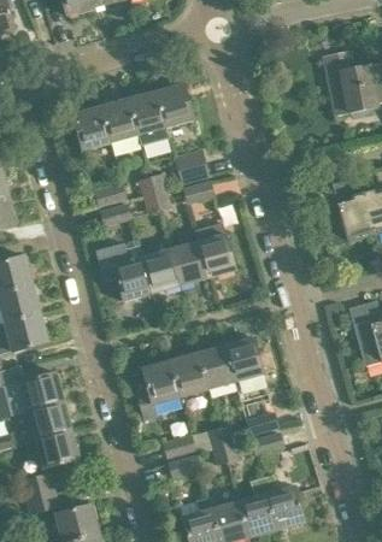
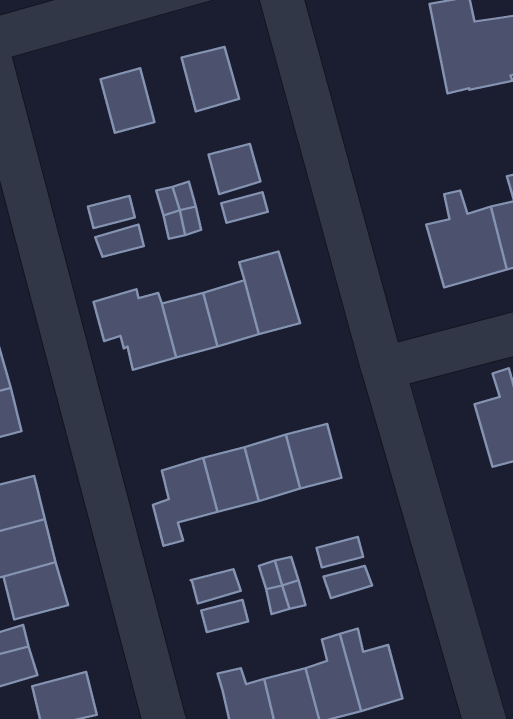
building: [128,92,169,146] -> none
building: [72,106,111,149] -> none

